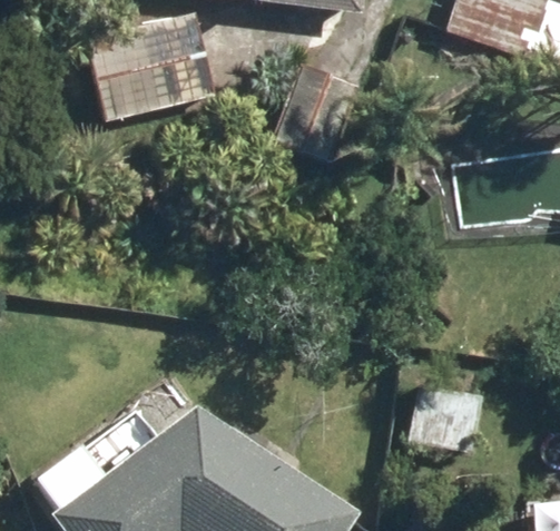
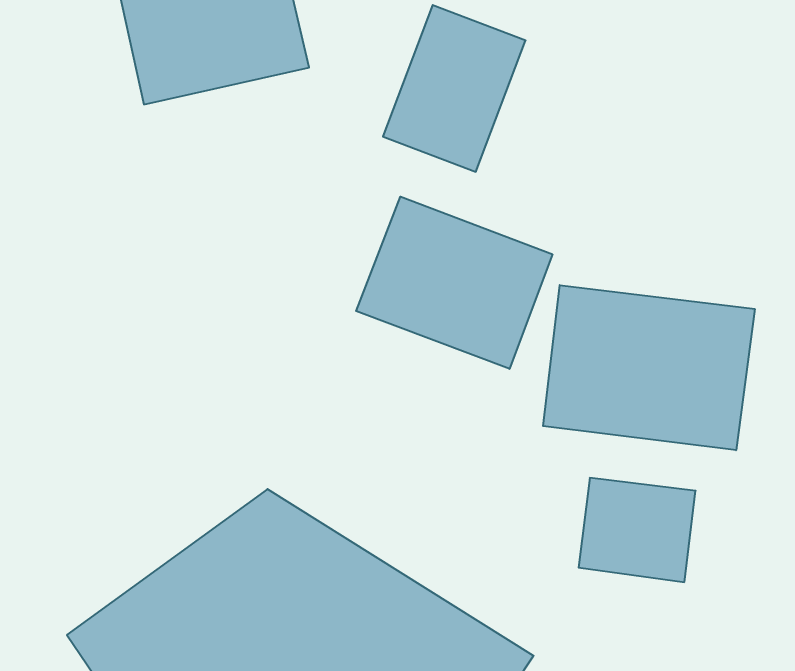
building: none -> [356,197,552,369]
building: none -> [543,285,755,450]

